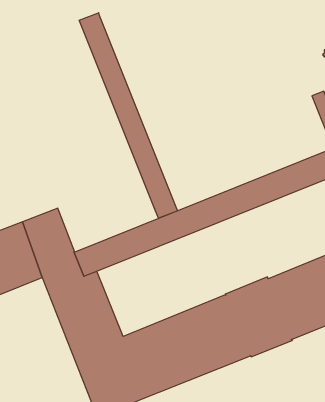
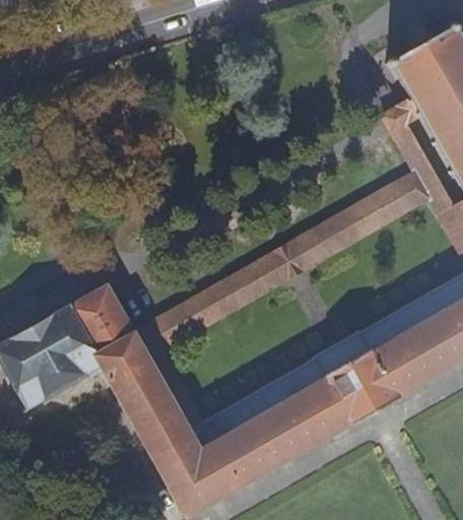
building: [79,13,178,218] -> none

